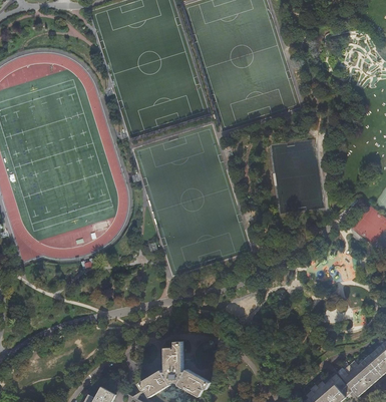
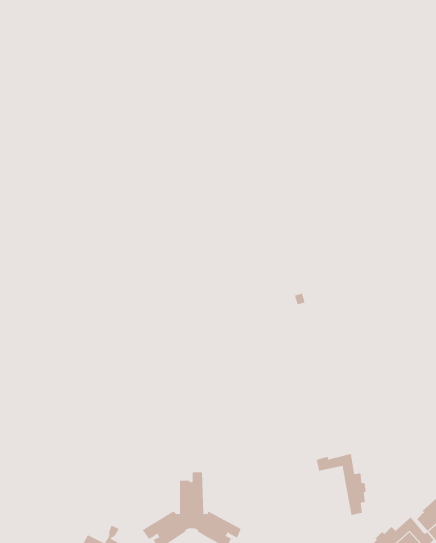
building: none -> [316,453,366,516]

